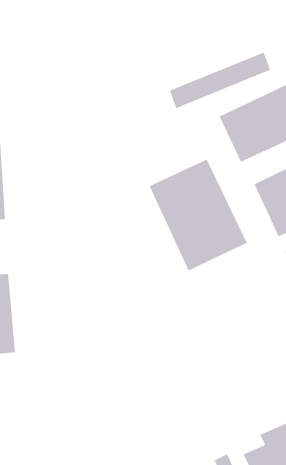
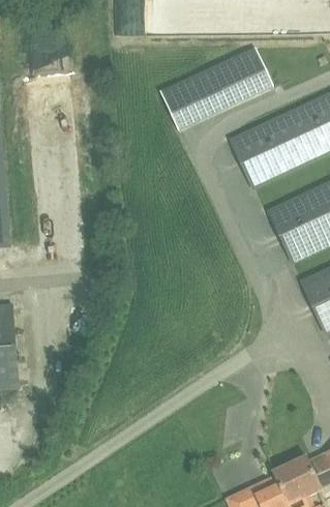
building: none -> [166,46,271,107]
building: [149,158,248,272] -> none

